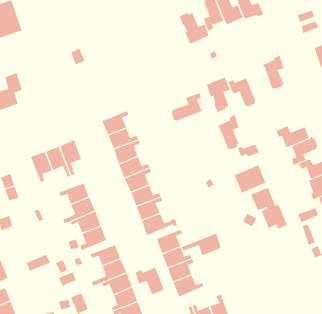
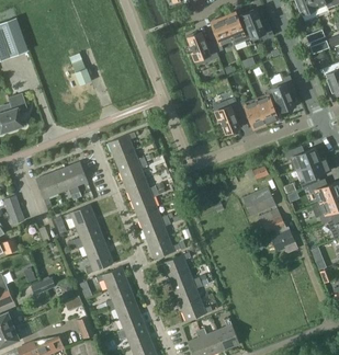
building: [171,92,203,122] -> none
building: [218,115,239,150] -> [256,88,278,124]
building: [181,233,222,256] -> none
building: [135,267,164,295] -> none

